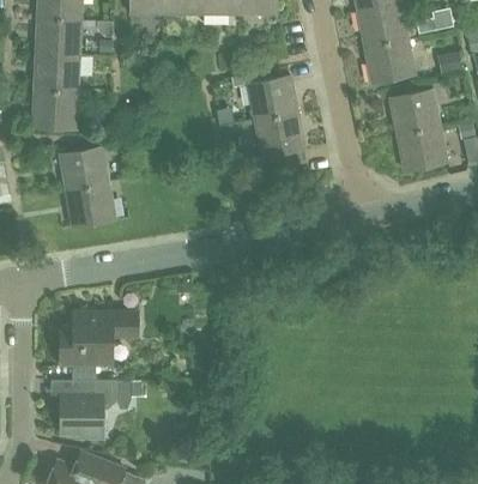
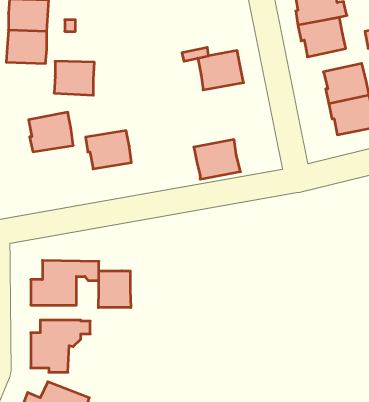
building: [31,90,77,128] -> [54,61,94,95]
building: [254,113,307,157] -> [194,140,241,179]
building: [62,183,114,226] -> [86,131,131,169]
building: none -> [98,271,131,308]

